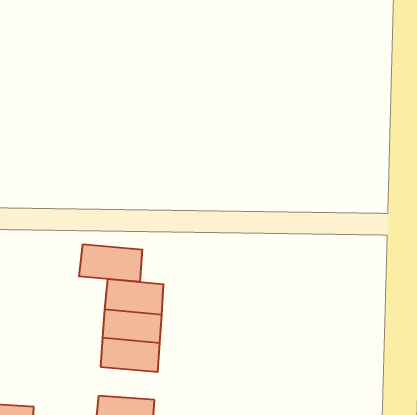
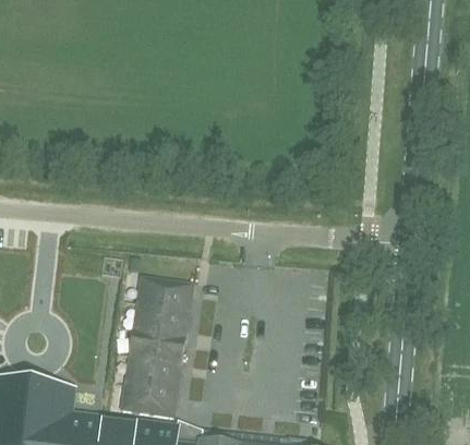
building: [79,244,142,282] -> none
building: none -> [126,353,181,386]

